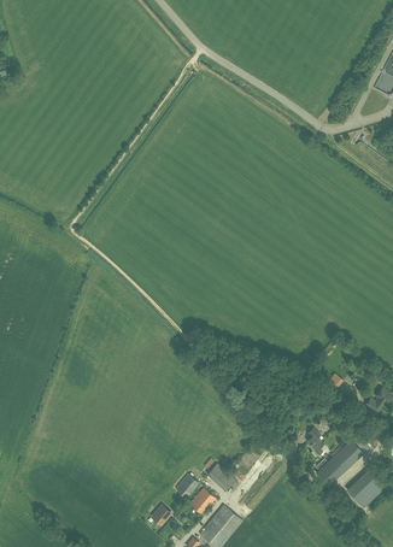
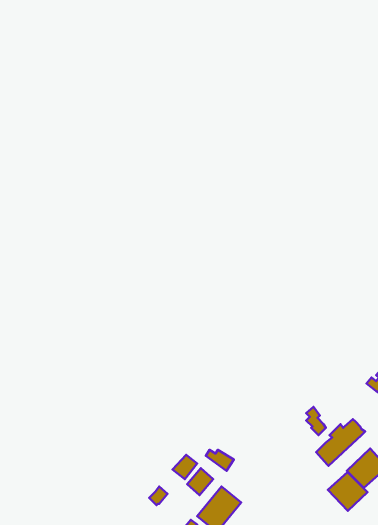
building: none -> [328,472,368,511]

